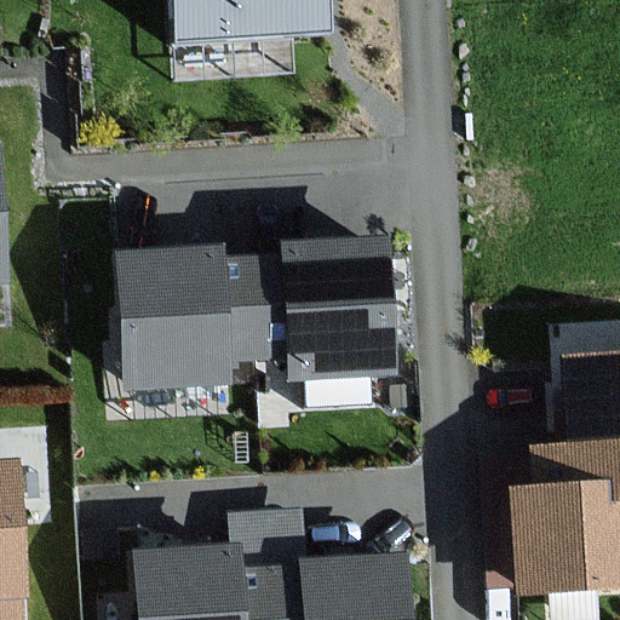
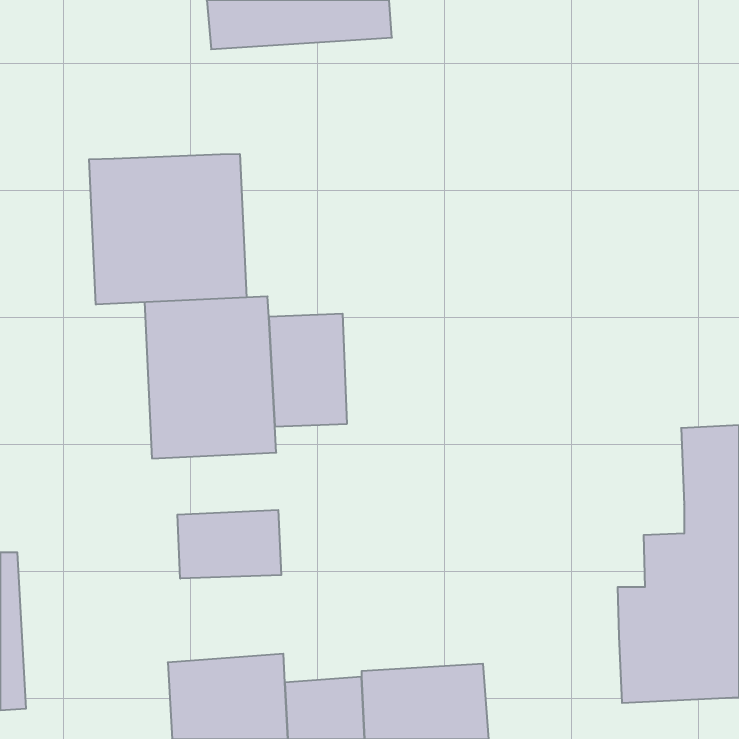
building: none -> [89,154,246,305]
building: [286,242,391,375] -> none
building: none -> [177,510,281,579]

